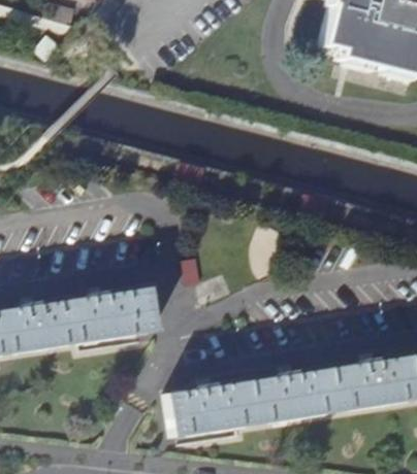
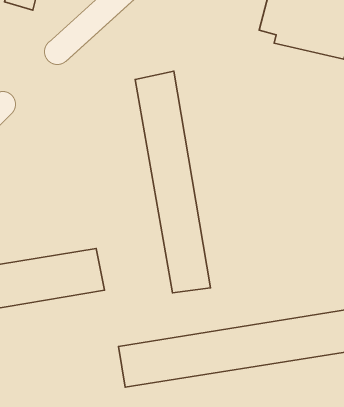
building: none -> [135,71,211,293]

